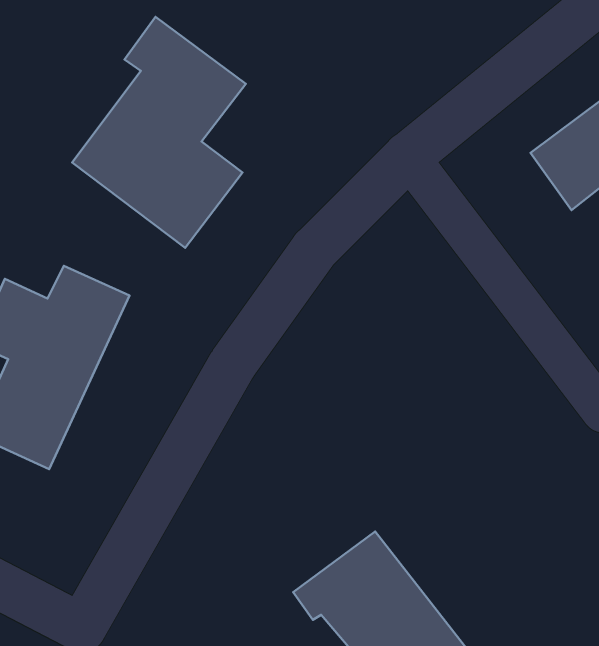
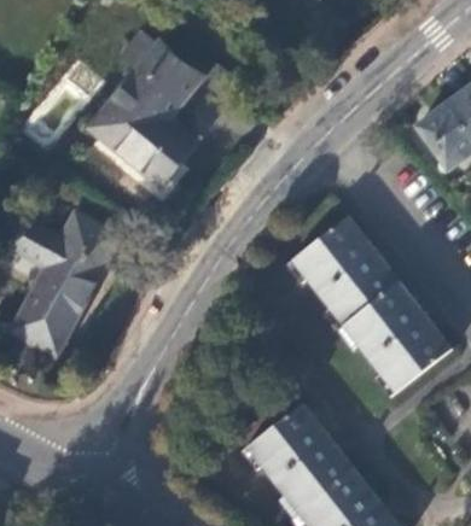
building: none -> [286,217,450,398]

